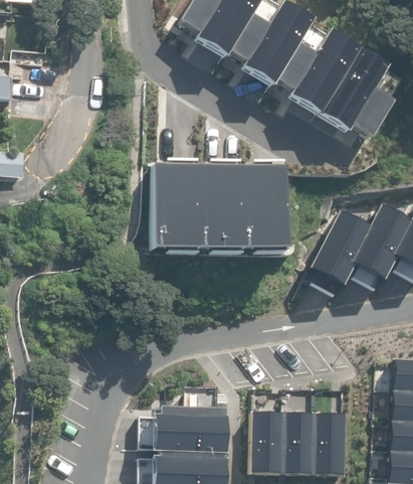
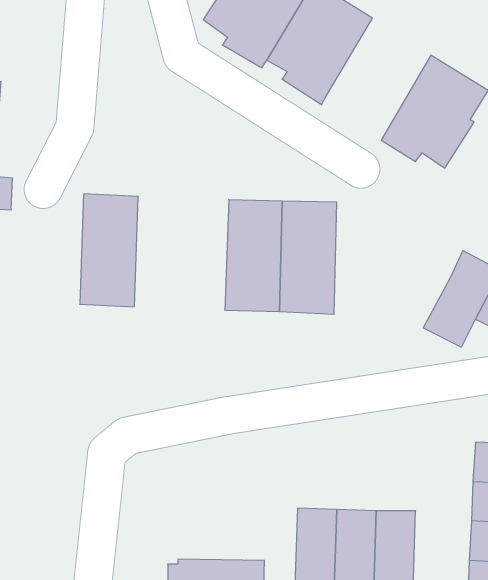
building: [274,22,357,119] -> none
building: [151,164,197,254] -> [80,194,138,307]
building: [308,211,372,287] -> none
building: [150,407,226,452] -> none

